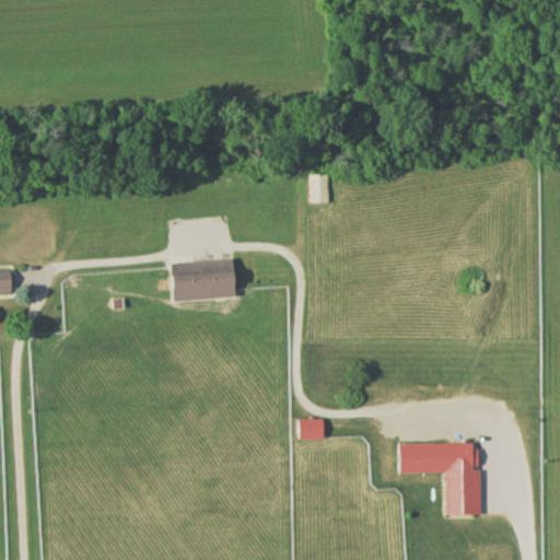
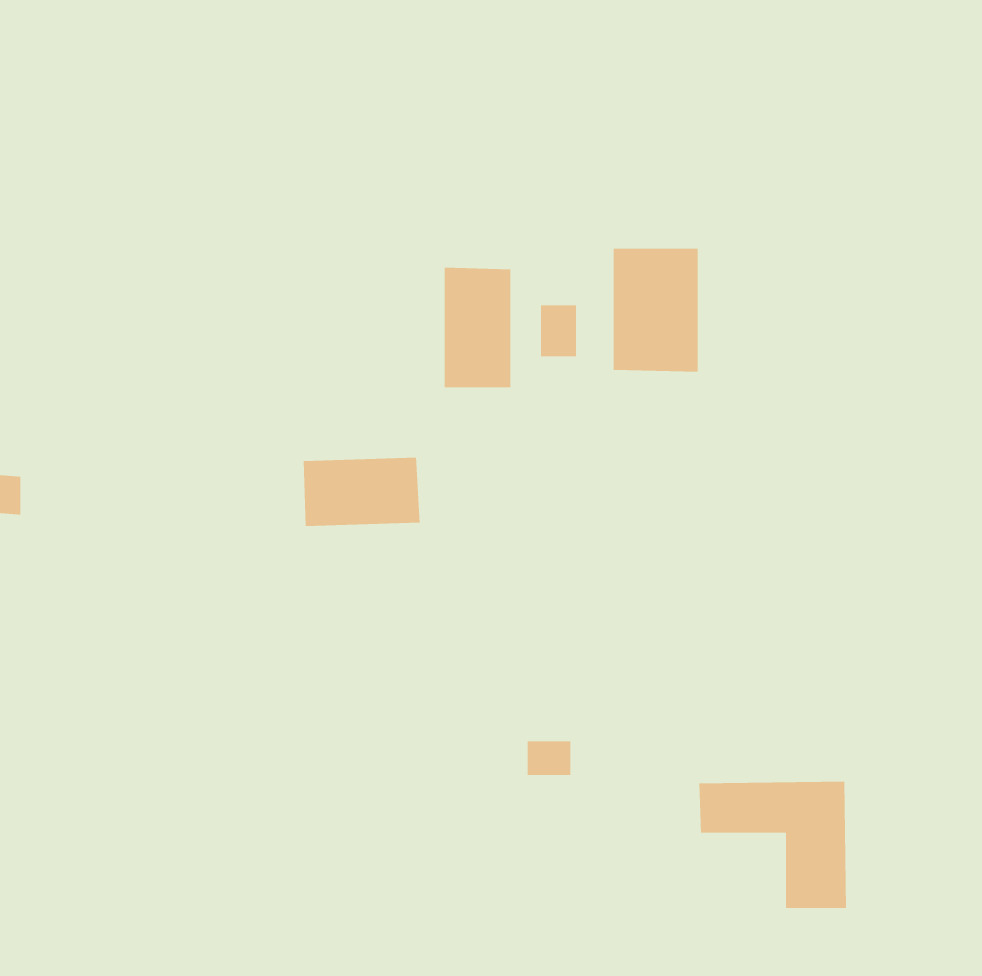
building: none -> [613,248,698,372]
building: none -> [444,267,511,388]

